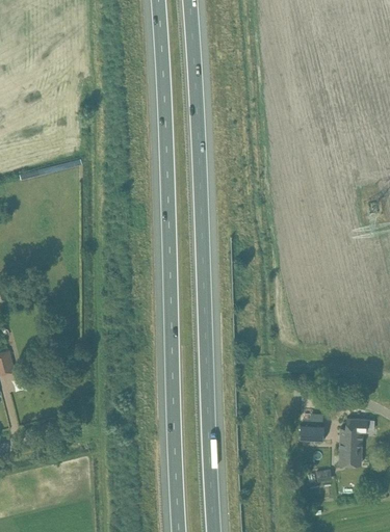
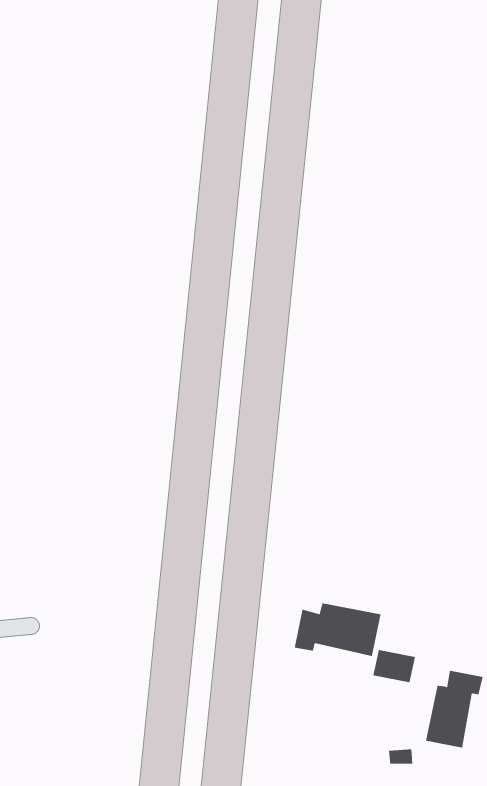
building: none -> [294,602,381,657]

